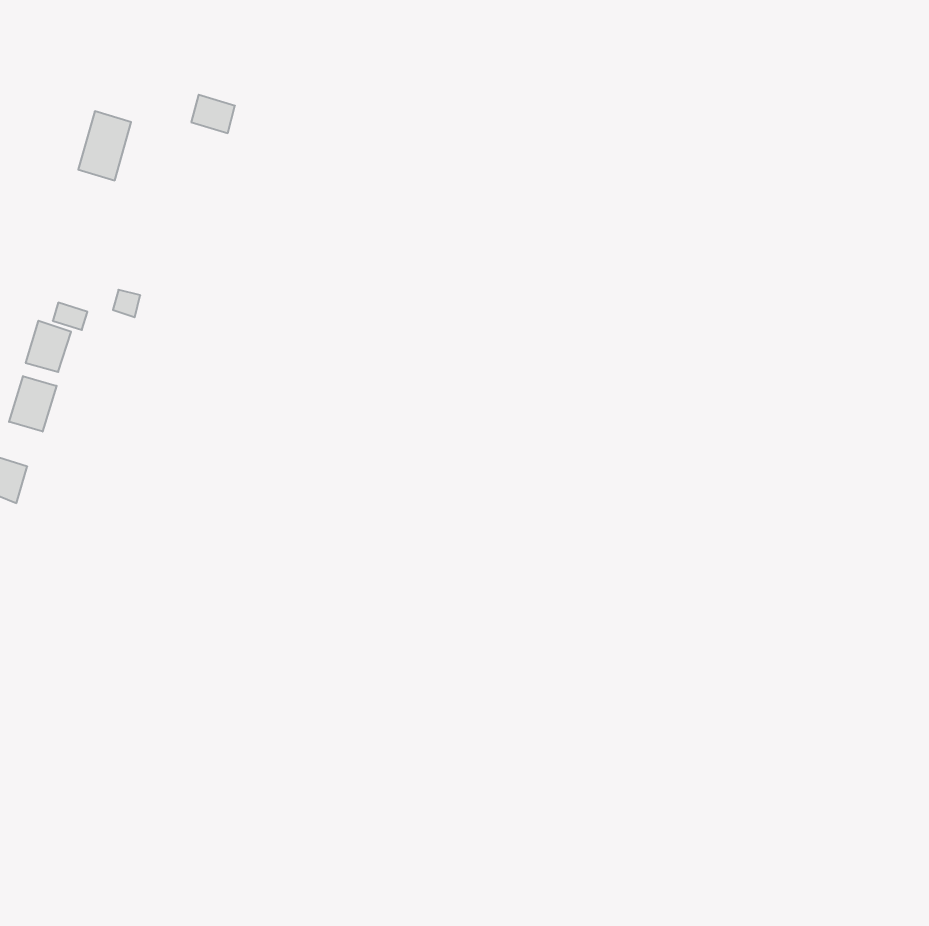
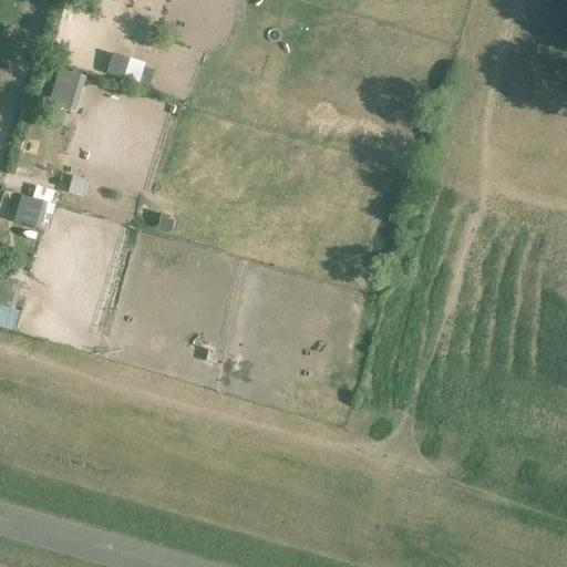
building: [9,376,57,432] -> none

